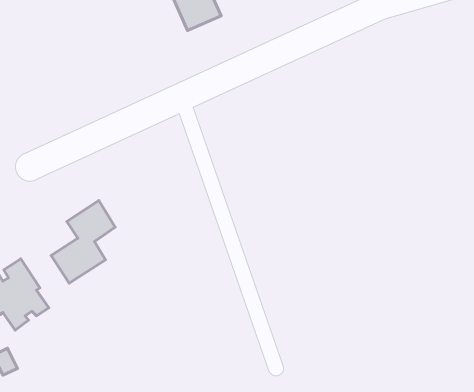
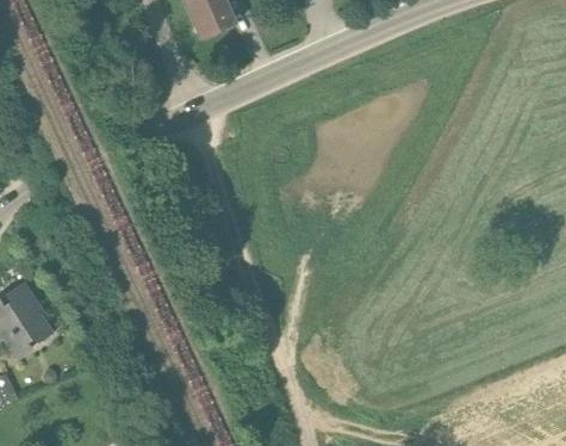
building: [51,201,115,283] -> none

